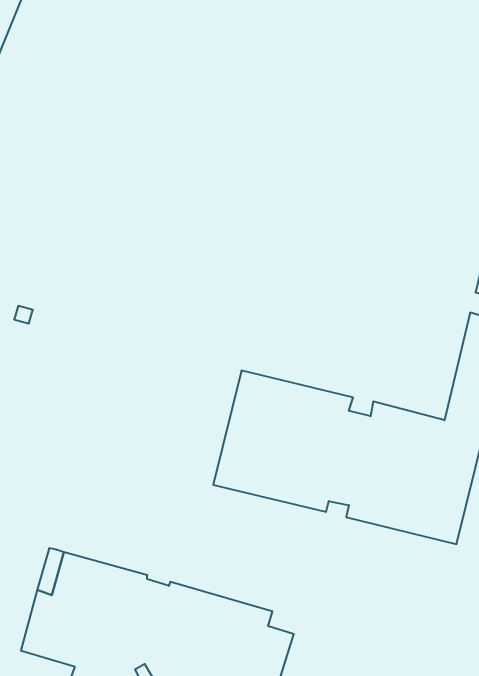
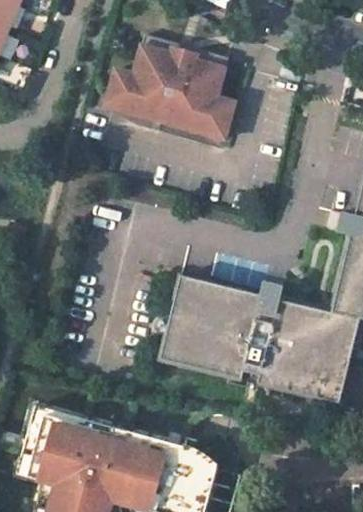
building: none -> [104,35,233,139]

